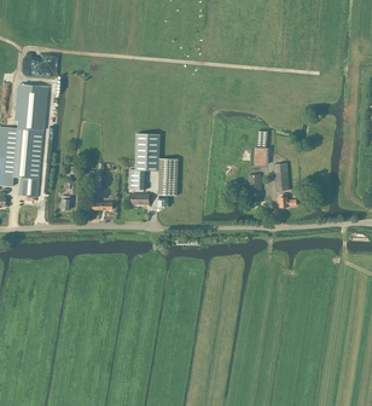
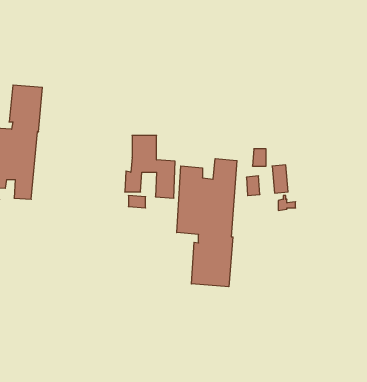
building: none -> [177,159,237,287]

